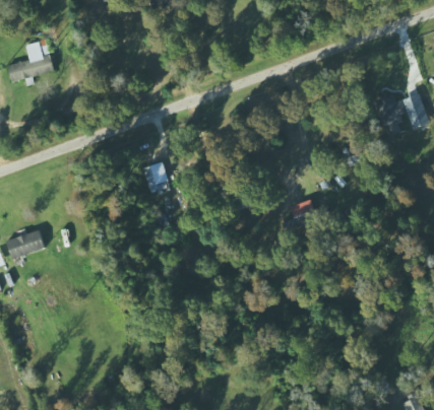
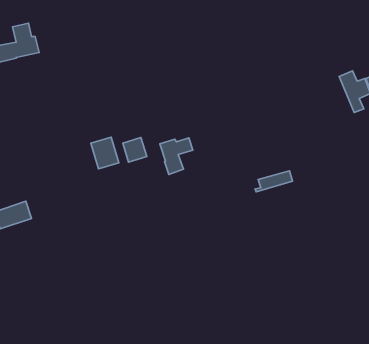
building: none -> [91,137,119,169]
building: none -> [160,138,193,174]

